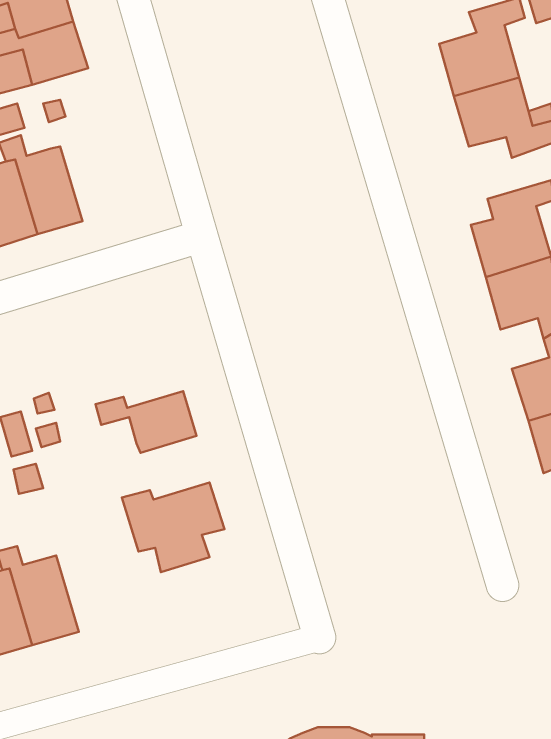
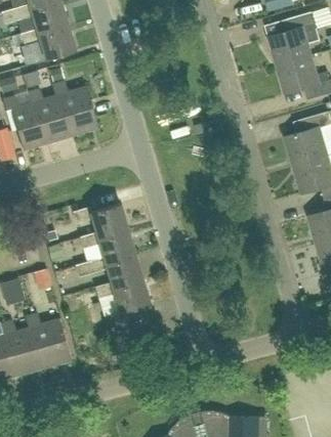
building: none -> [52,81,98,135]
building: none -> [73,203,128,237]
building: none -> [76,253,142,288]

